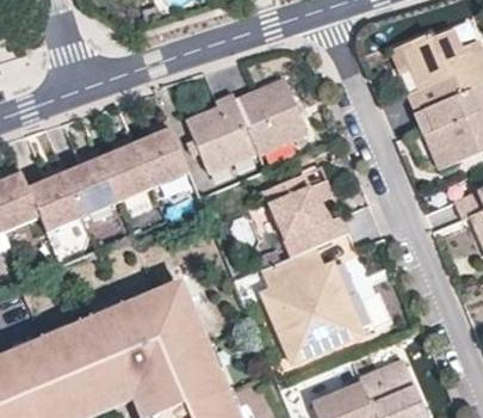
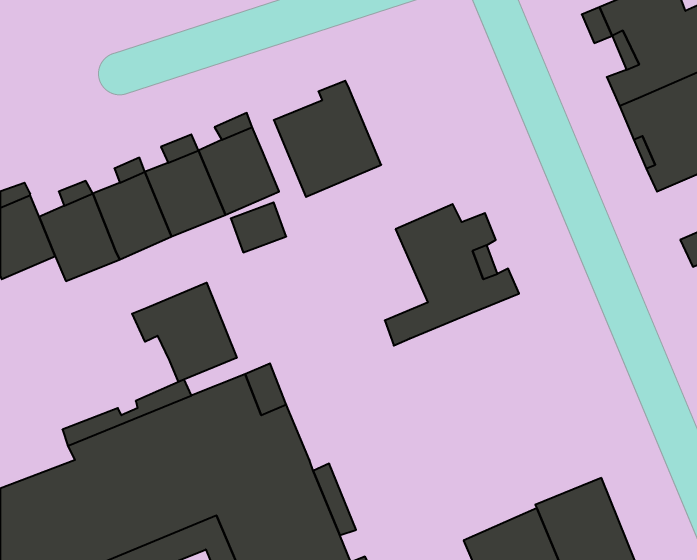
building: [234,79,306,154] -> none
building: none -> [132,283,237,382]
building: [264,250,364,364] -> none

